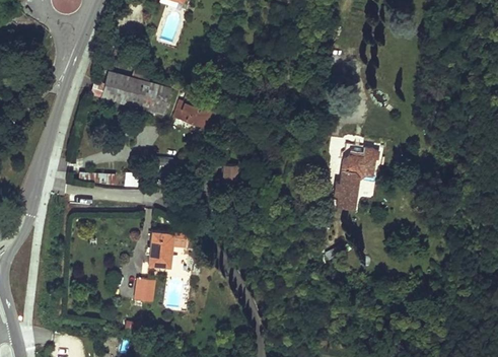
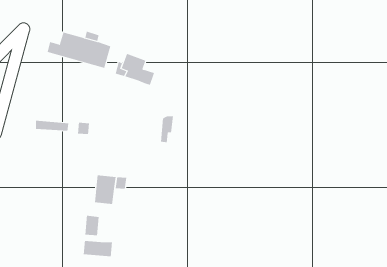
building: [333,147,379,208] -> none
building: none -> [83,240,113,257]

